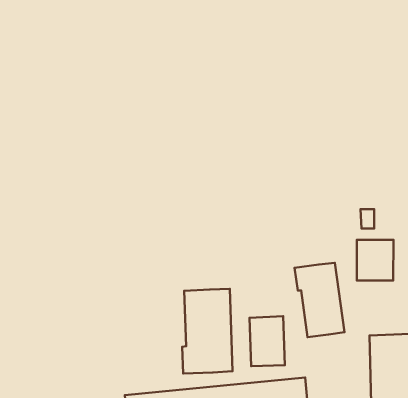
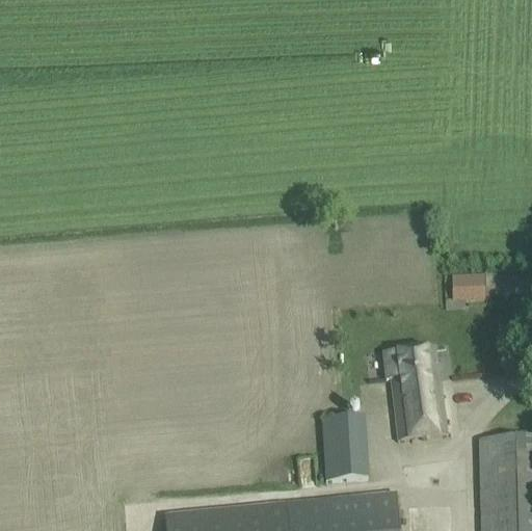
building: [357,240,394,280] -> none
building: [182,289,233,374] -> none

